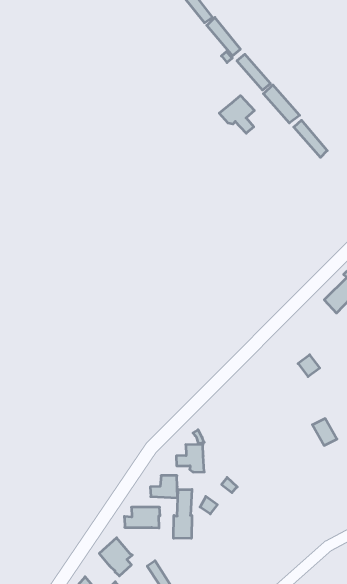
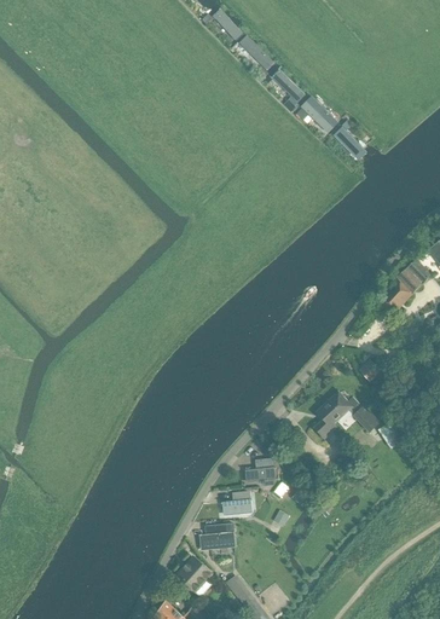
building: [219,96,254,133] -> none
building: none -> [314,392,381,439]
building: [174,489,192,538] -> none

